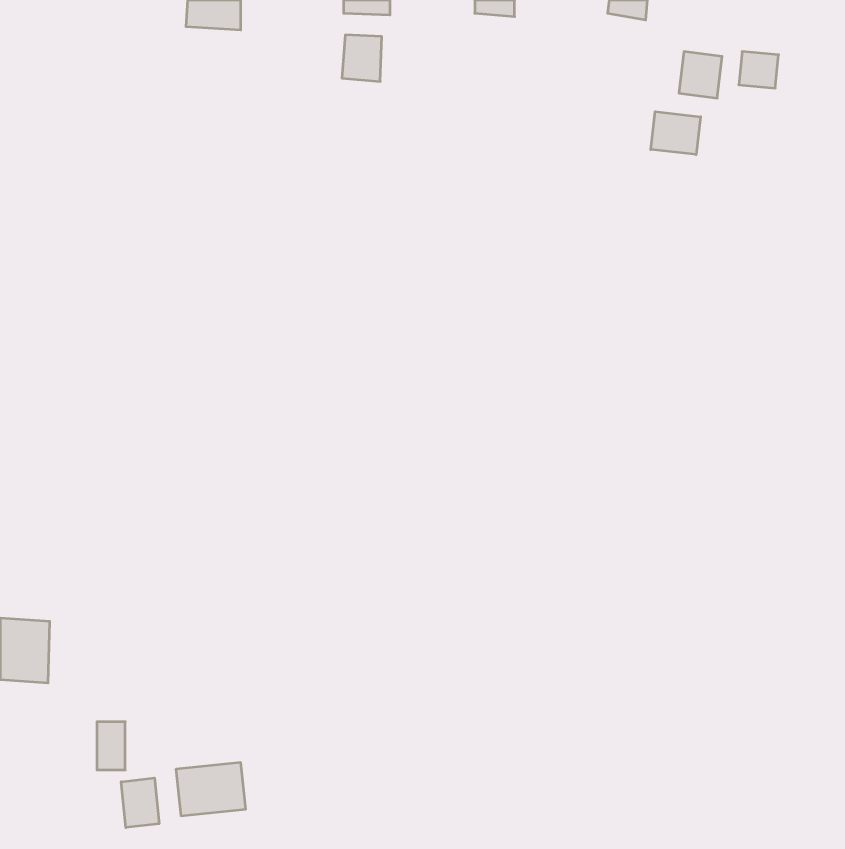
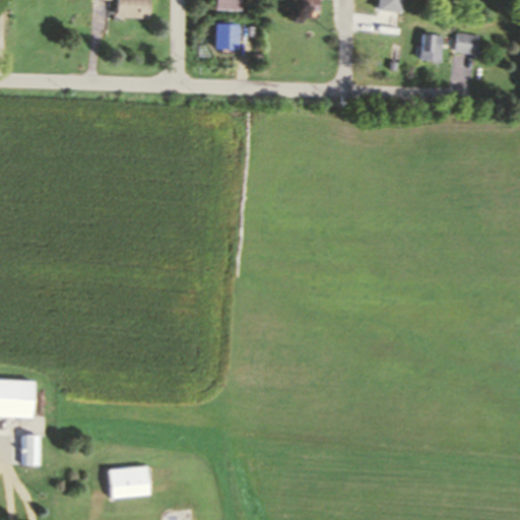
building: [651,112,701,155] -> none
building: [97,722,125,770] -> [23,435,41,464]
building: [121,778,159,828] -> none

